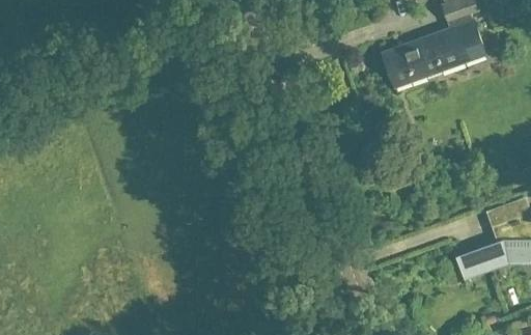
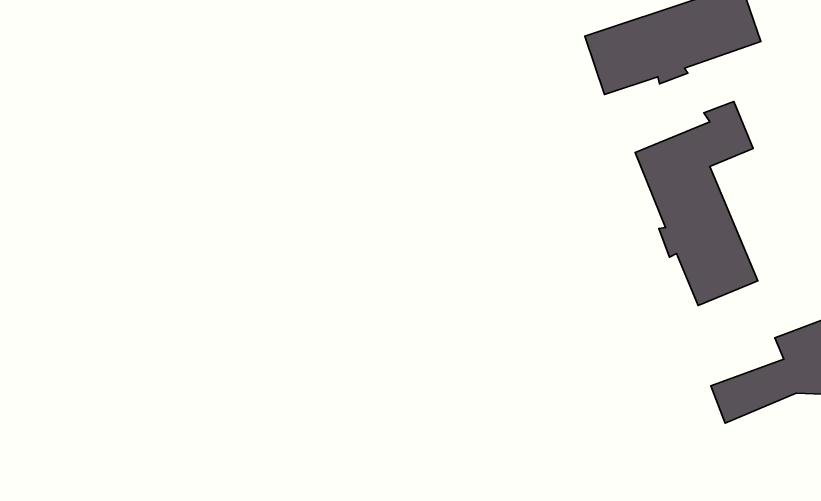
building: none -> [635,102,758,306]

